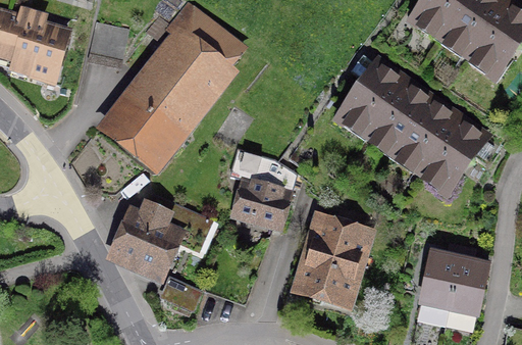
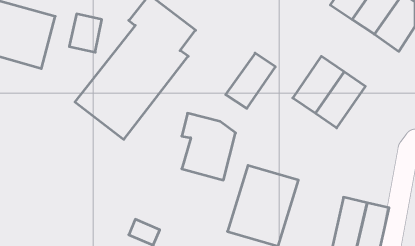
building: [341,58,403,128] -> [226,53,275,108]
building: [422,113,489,187] -> none
building: [107,205,184,284] -> none

